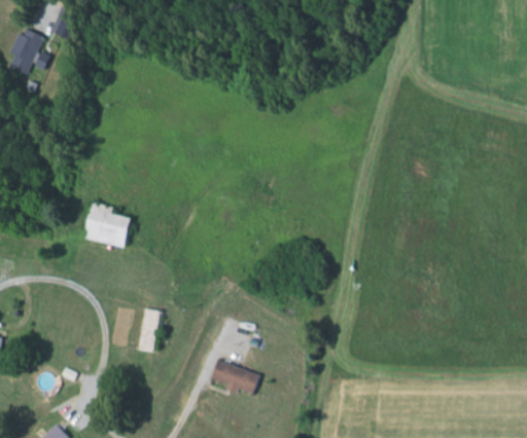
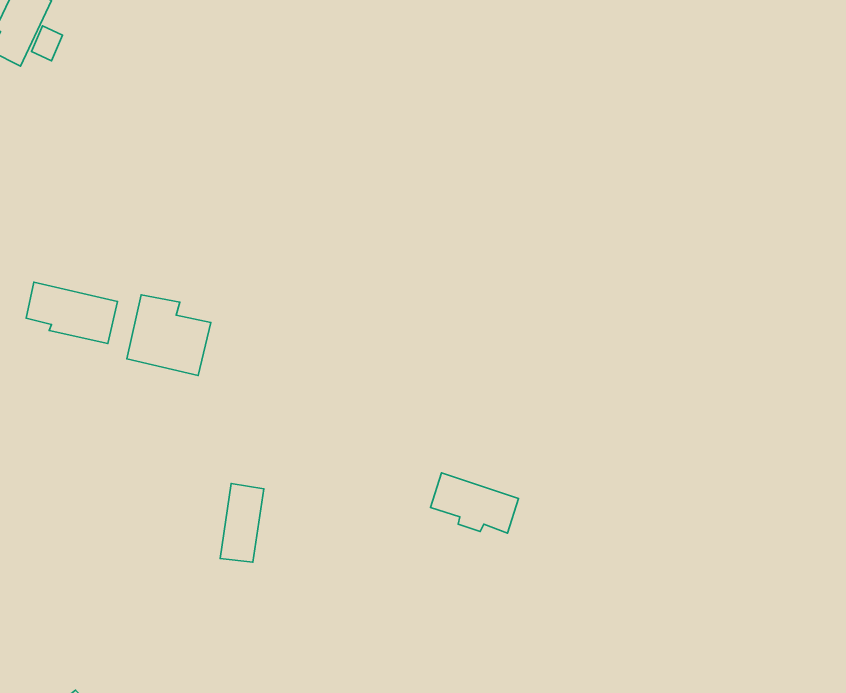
building: none -> [26,282,117,344]
building: [210,361,259,395] -> [431,473,518,533]

